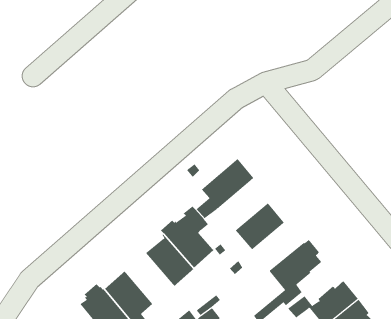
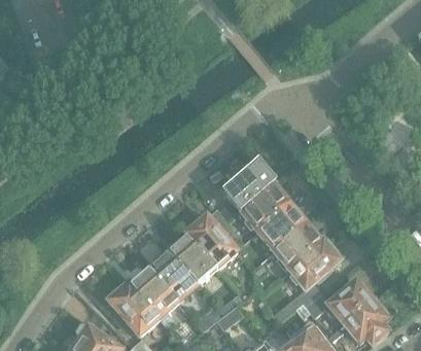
building: none -> [240,183,288,231]
building: none -> [273,222,323,269]
building: none -> [151,252,199,301]

